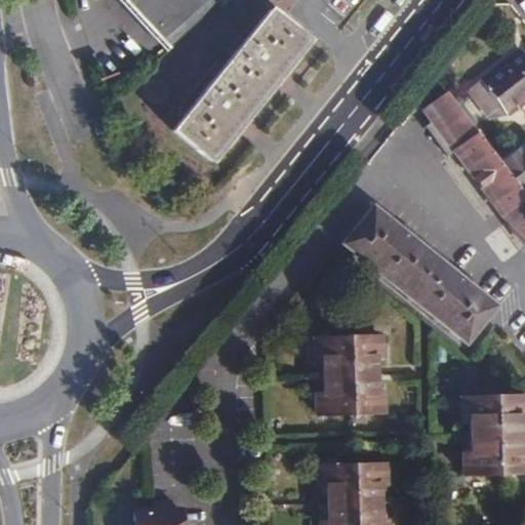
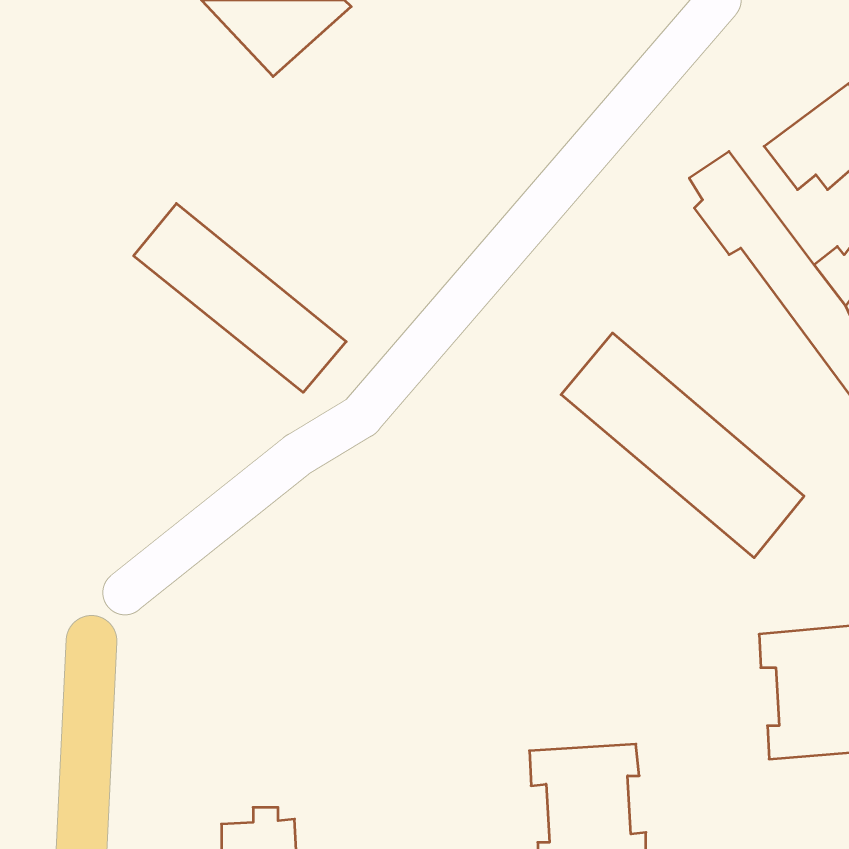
building: [174,9,310,161] -> none
building: none -> [134,203,346,392]
building: [315,330,388,412] -> none

